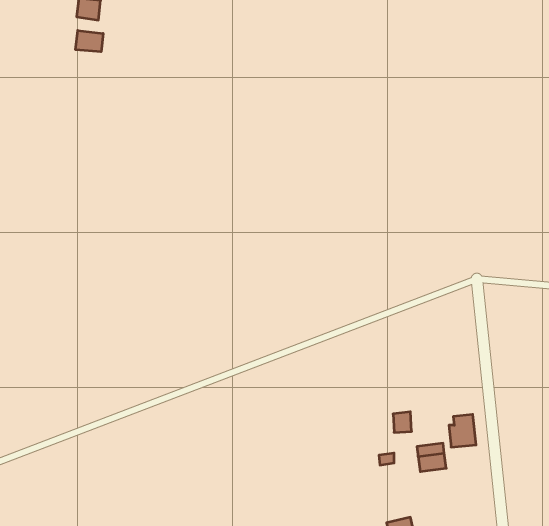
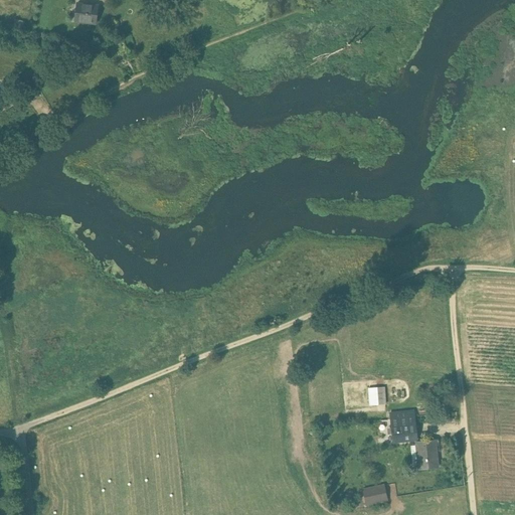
building: [76,30,103,52] -> none
building: [449,414,476,447] -> [412,440,438,470]

